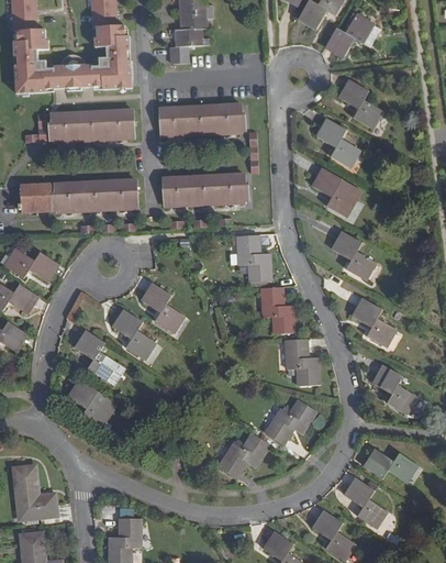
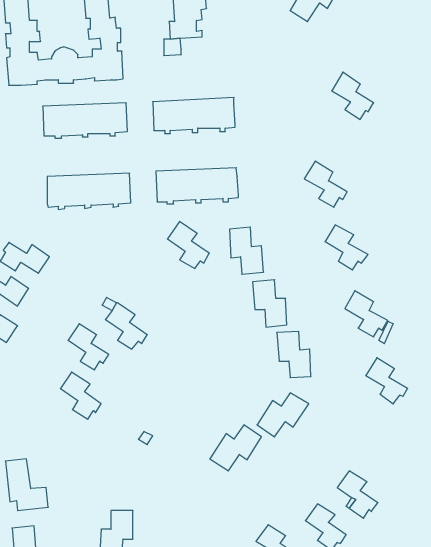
building: [326,15,380,57] -> none
building: [316,119,359,165] -> none
building: [16,184,52,213] -> none
building: [142,283,183,330] -> [167,221,209,269]
building: [364,449,414,482] -> none

